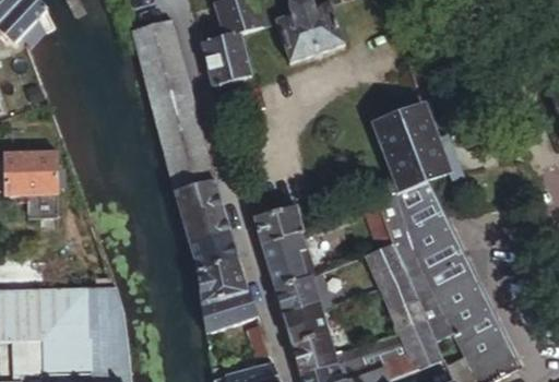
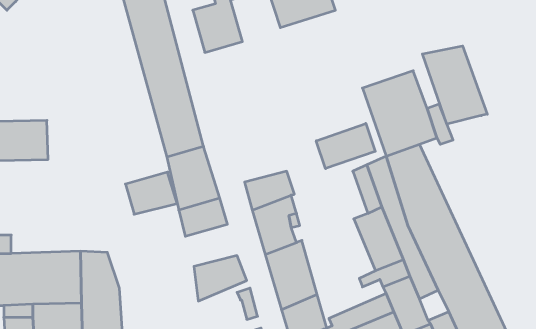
building: none -> [422,46,487,124]
building: none -> [316,123,375,169]
building: [194,260,247,302] -> [125,172,177,214]

